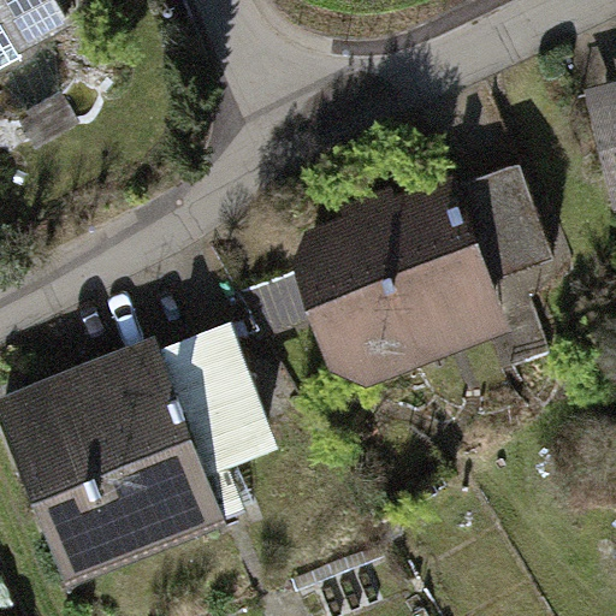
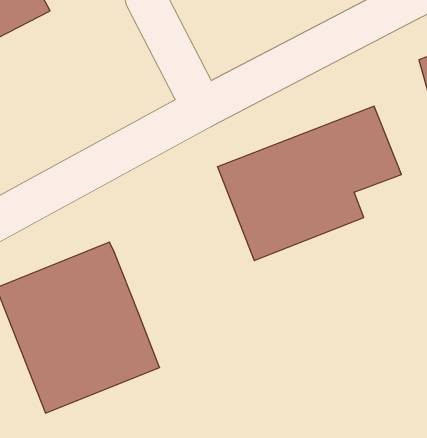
building: [159,332,255,442] -> none

